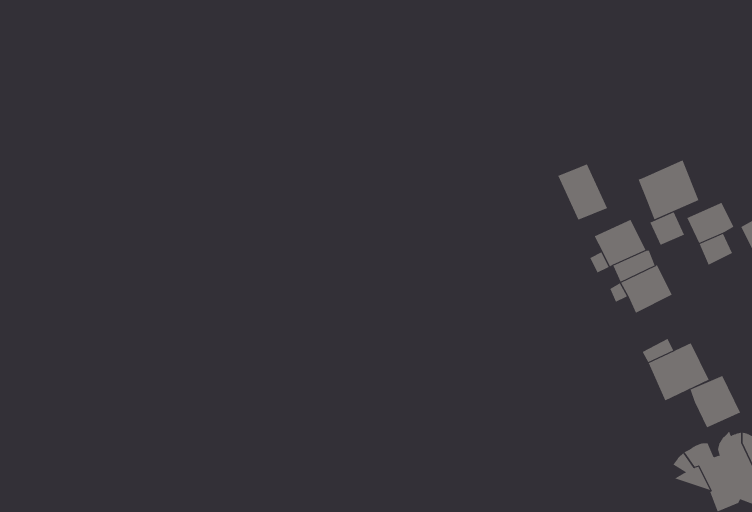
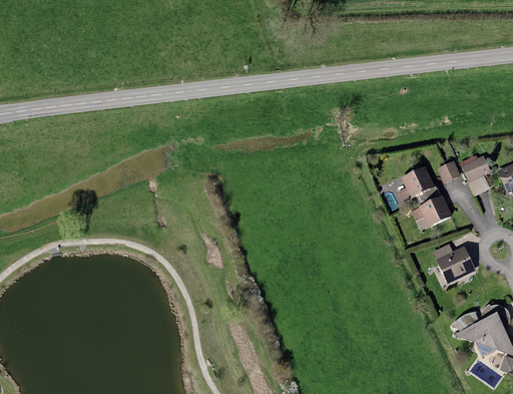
building: [638,160,699,220] -> none
building: [558,163,608,221] -> none
building: [690,375,741,428] -> none

